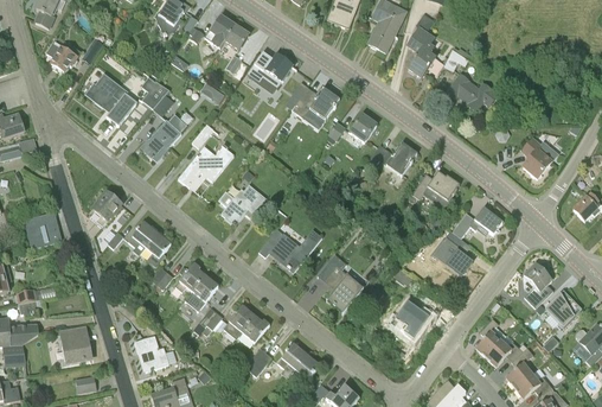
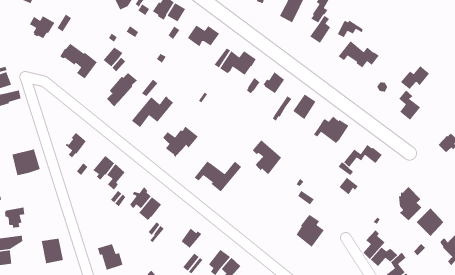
building: none -> [400,65,430,90]
building: [324,265,363,311] -> [252,139,282,175]
building: [223,305,255,339] -> none

